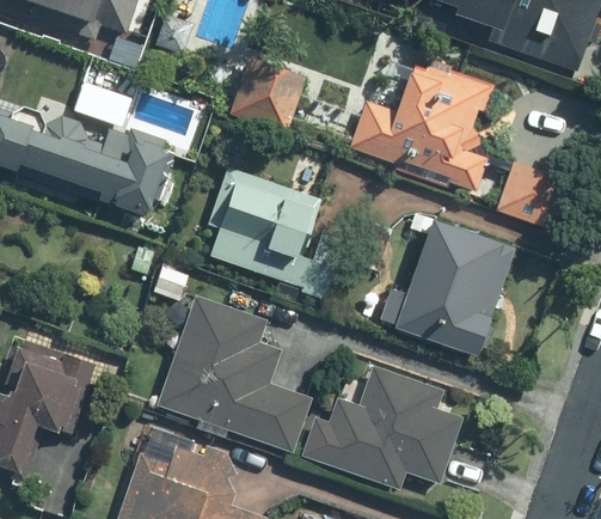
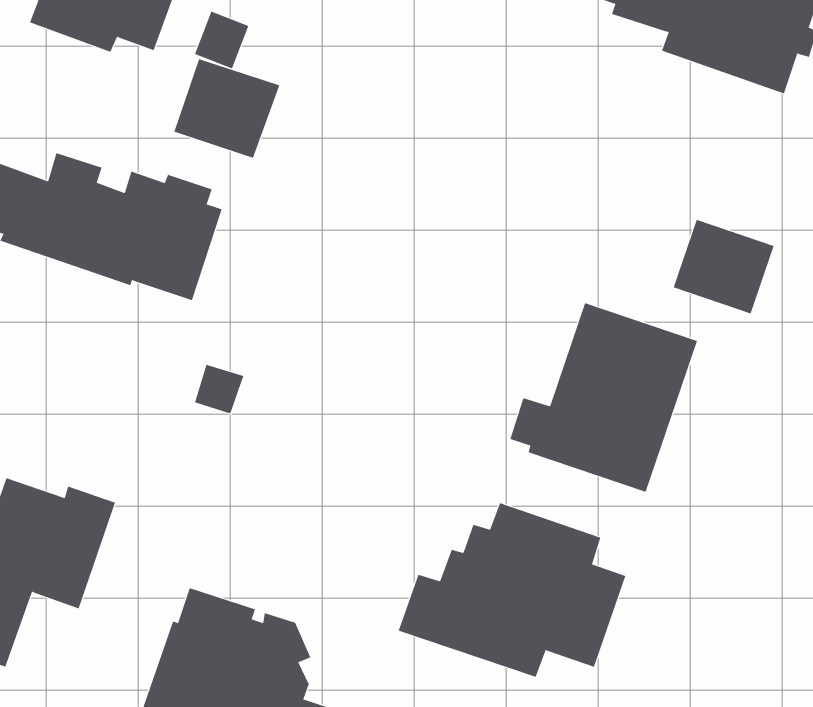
building: [351,60,495,191] -> none
building: [229,61,306,133] -> [174,59,280,159]
building: [207,166,347,301] -> none
building: [157,293,309,451] -> none

